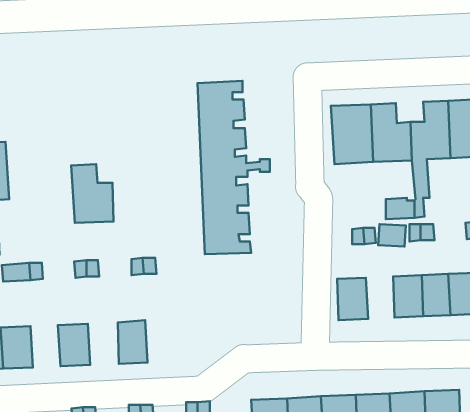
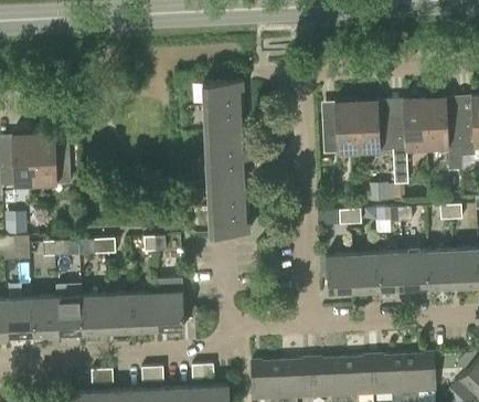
building: [71,164,114,223] -> [32,133,70,184]
building: none -> [351,253,376,290]
building: none -> [54,283,81,334]
building: none -> [156,290,183,329]
building: none -> [105,294,132,331]

